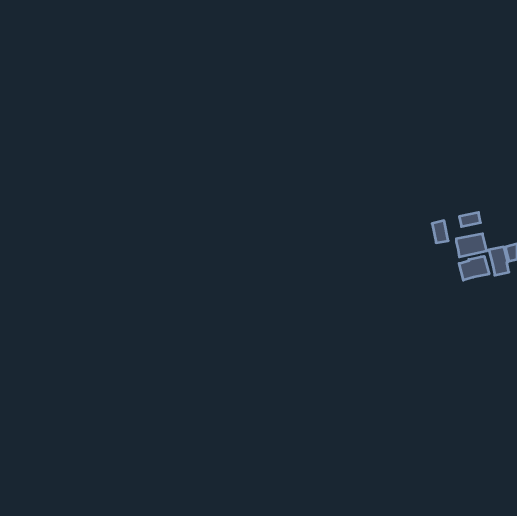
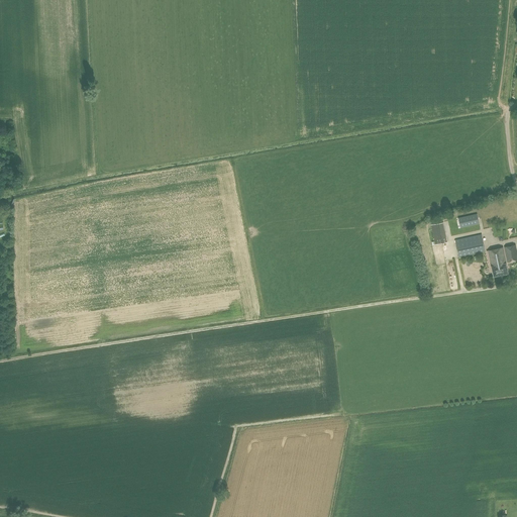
building: [459,256,489,280] -> none

